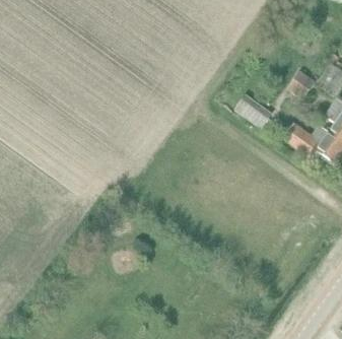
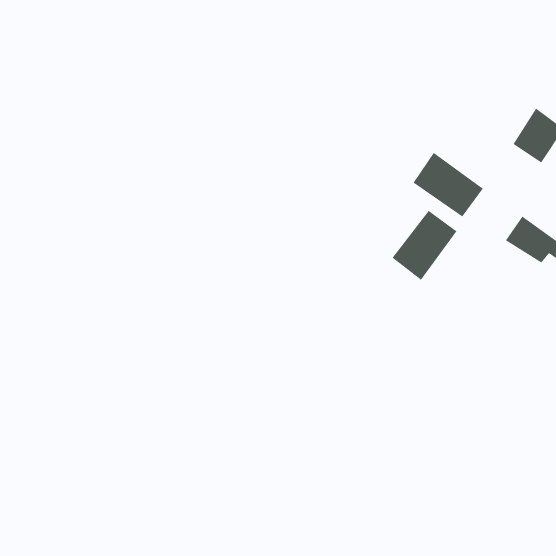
building: none -> [391,210,458,281]

